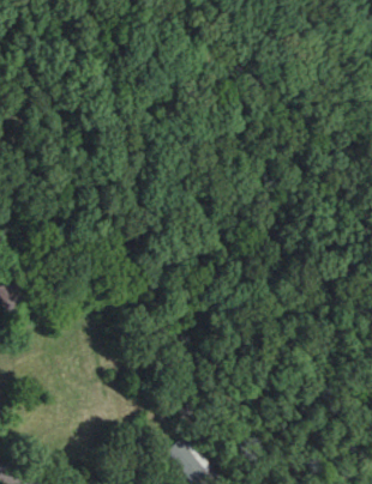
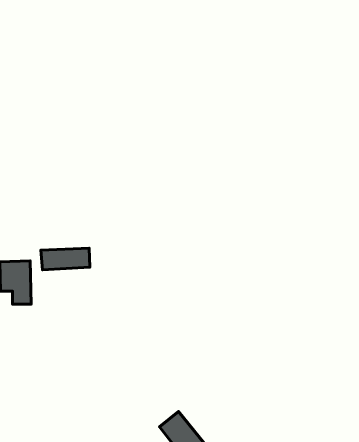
building: none -> [41,248,90,270]

